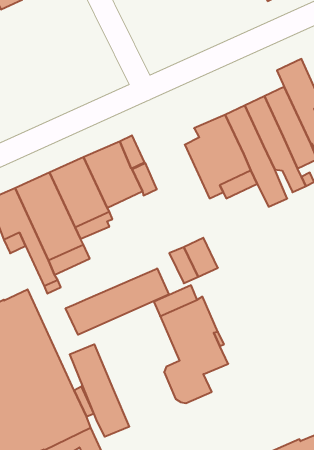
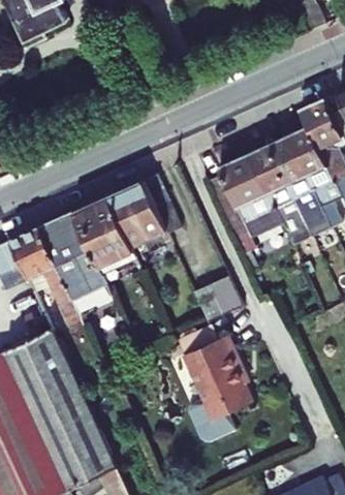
building: [66,268,169,335] -> none
building: [70,344,129,437] -> none

